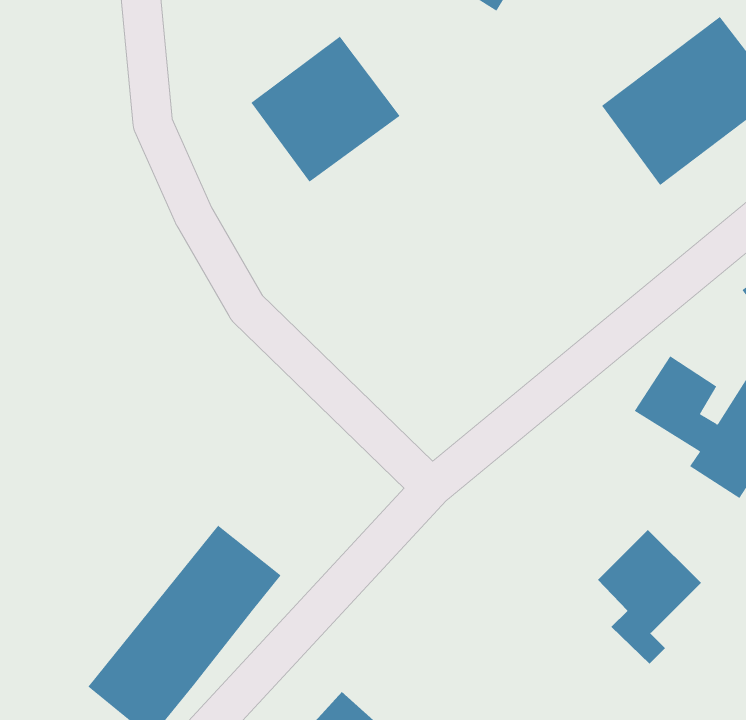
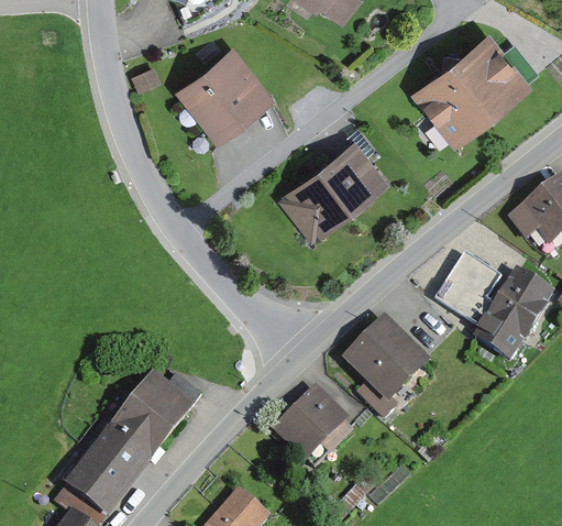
building: none -> [275,139,390,243]
building: [597,529,702,664] -> [348,324,418,415]
building: none -> [273,387,350,463]

